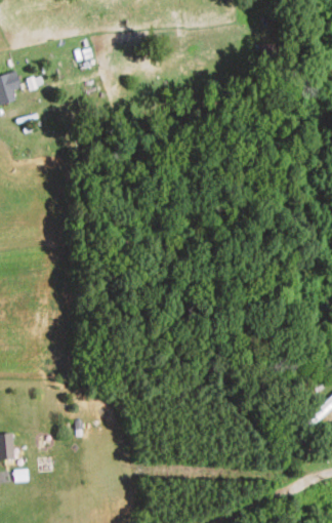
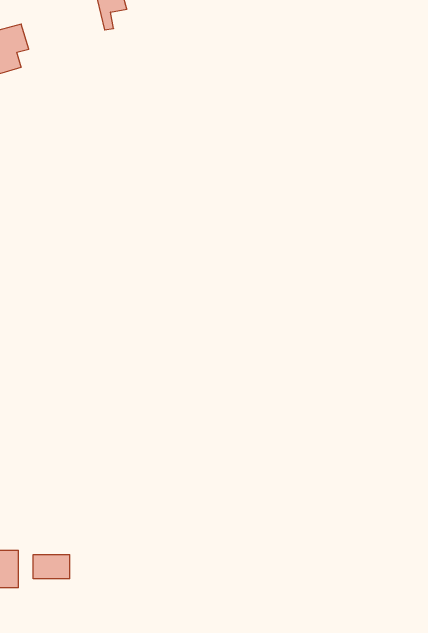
building: none -> [33,555,70,579]

